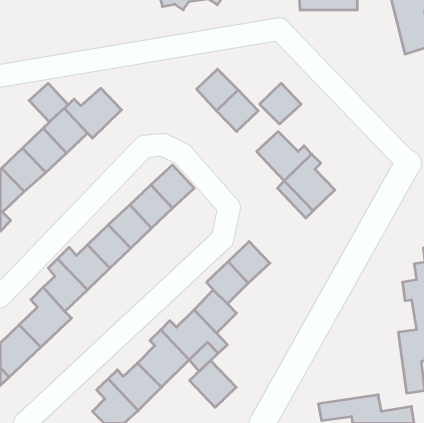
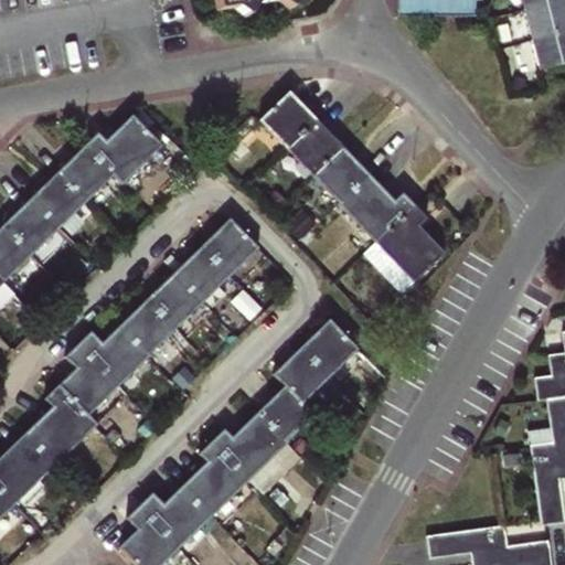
building: [29,83,68,122] -> none
building: [260,83,301,124] -> [316,147,371,201]
building: [190,360,236,407] -> none

